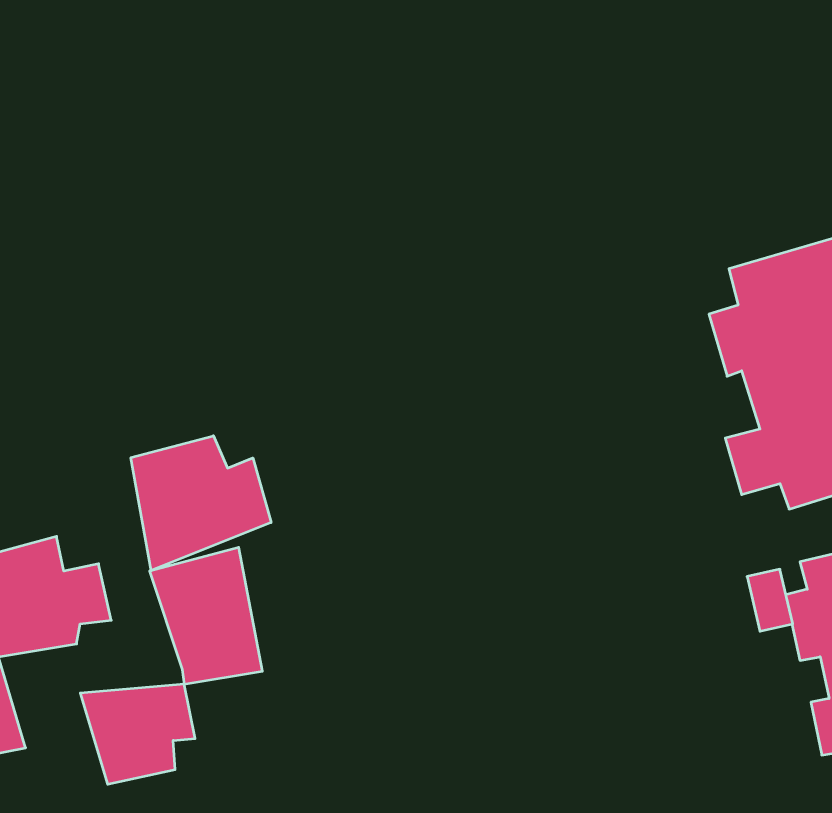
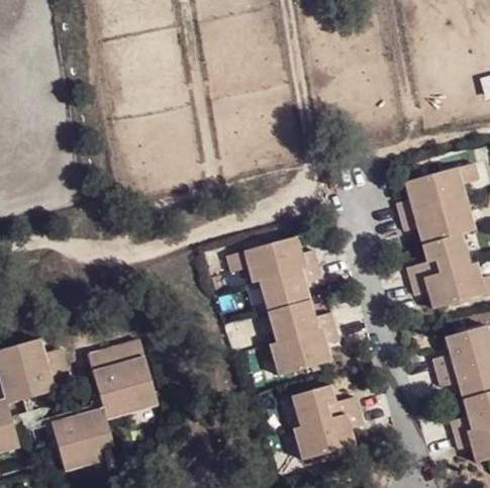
building: none -> [232,239,347,370]
building: [131,436,271,571] -> none
building: none -> [299,384,365,454]

